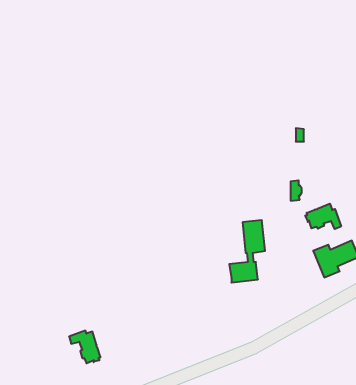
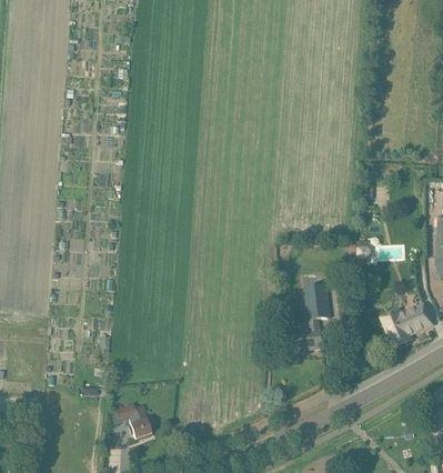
building: [305,204,341,229] -> none

